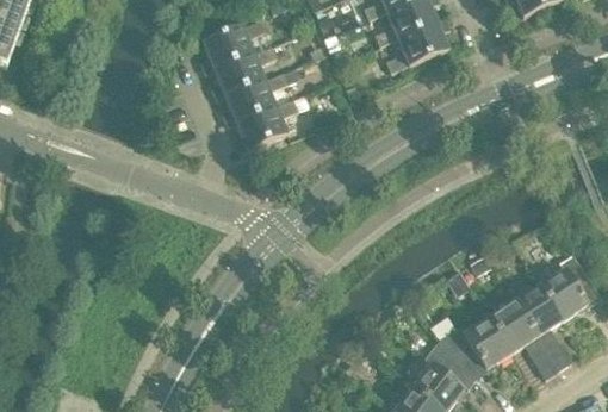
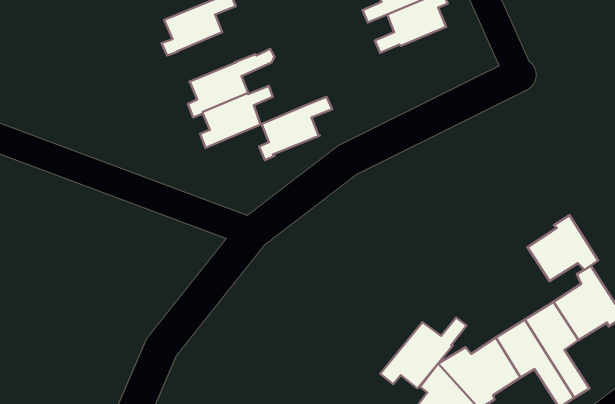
building: [212,45,275,100] -> [259,97,332,160]
building: none -> [527,215,598,281]
building: none -> [380,318,467,388]

